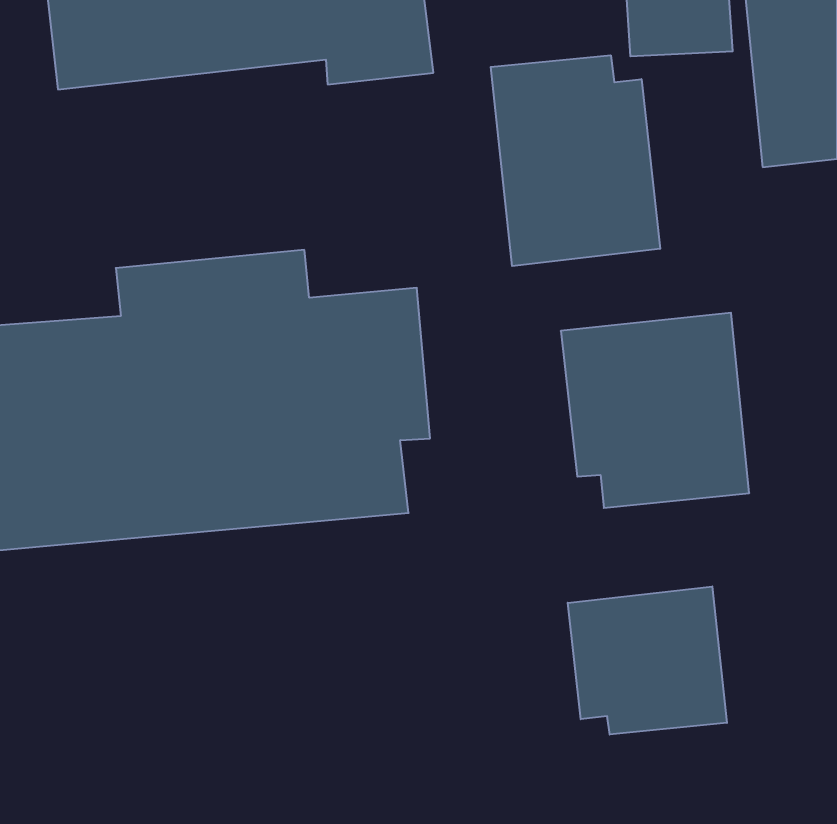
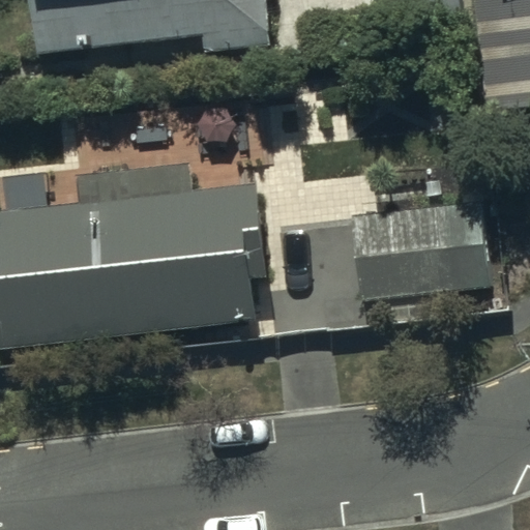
building: [491,55,660,266] -> none
building: [568,586,727,735] -> none

